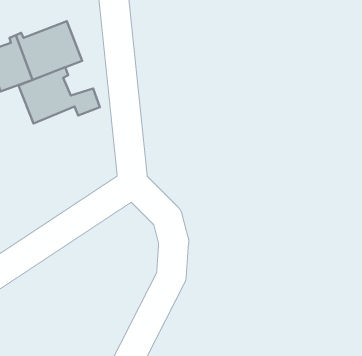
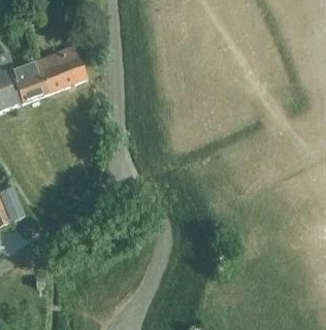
building: [19,67,100,123] -> none

